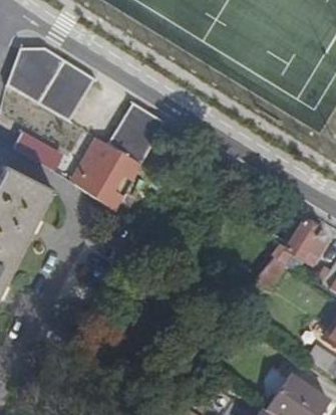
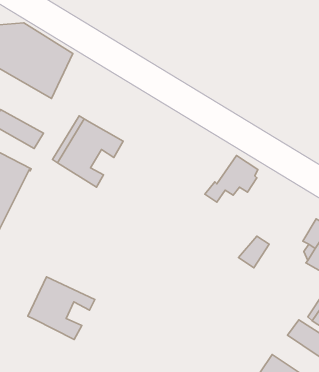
building: [109,101,164,165] -> none
building: [274,220,326,266] -> [205,155,258,202]
building: none -> [28,277,95,340]

